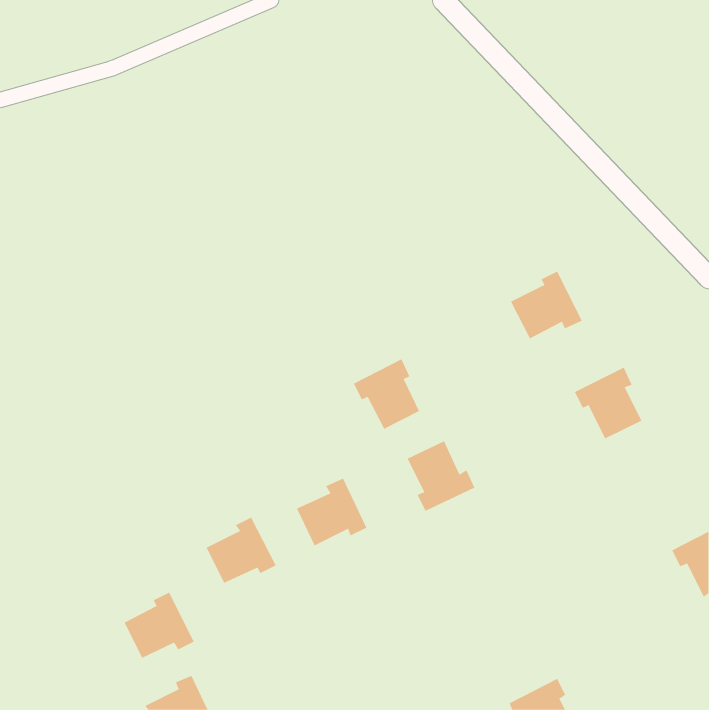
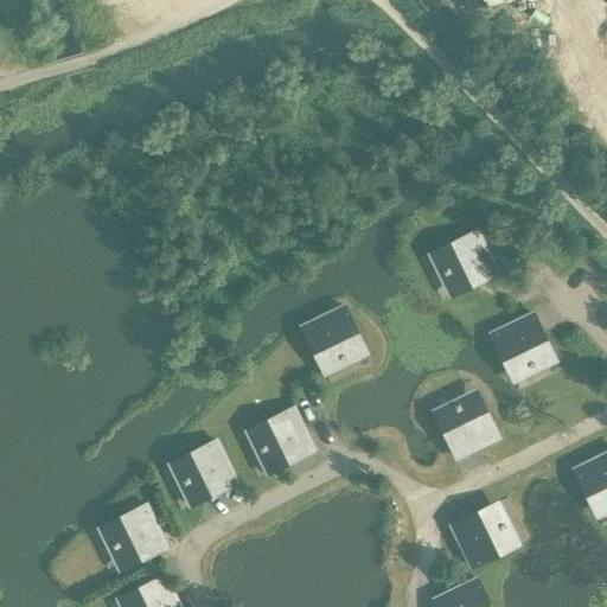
building: [407,440,475,511] -> [440,397,498,458]
building: none -> [451,510,511,568]

